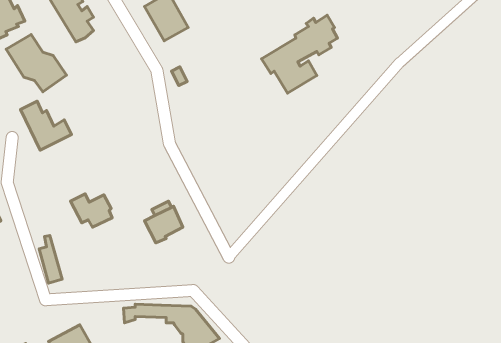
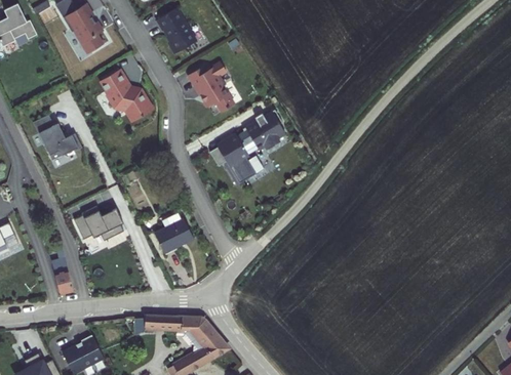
building: [262,15,338,93] -> [211,110,286,186]
building: [6,35,67,92] -> [96,69,156,125]
building: none -> [192,62,233,108]

